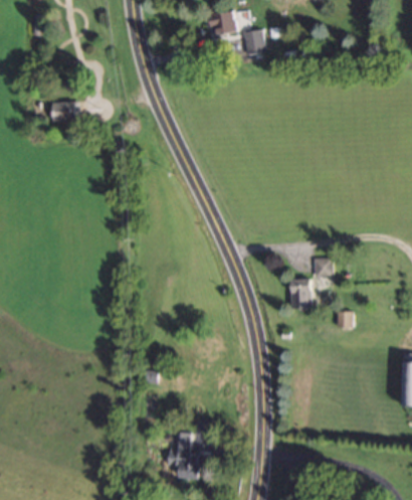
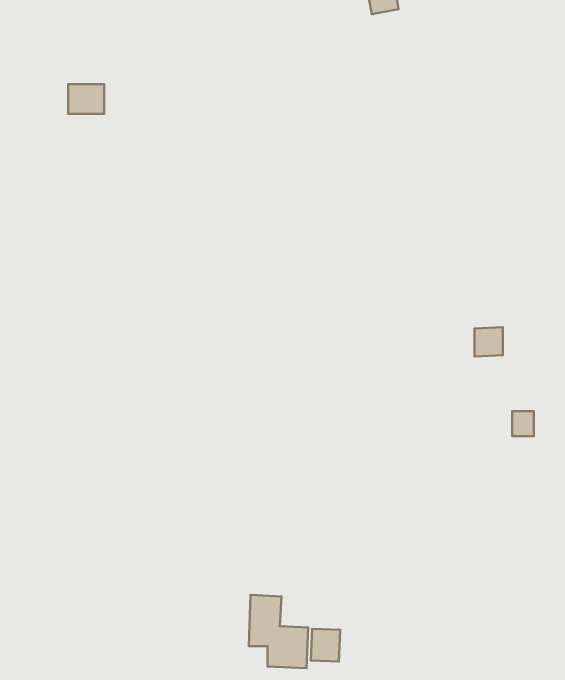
building: [291,279,313,309] -> none
building: none -> [311,629,340,662]

